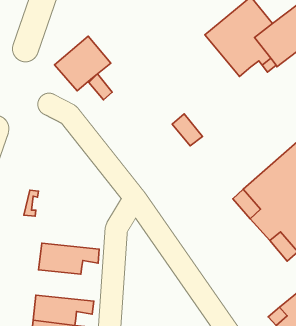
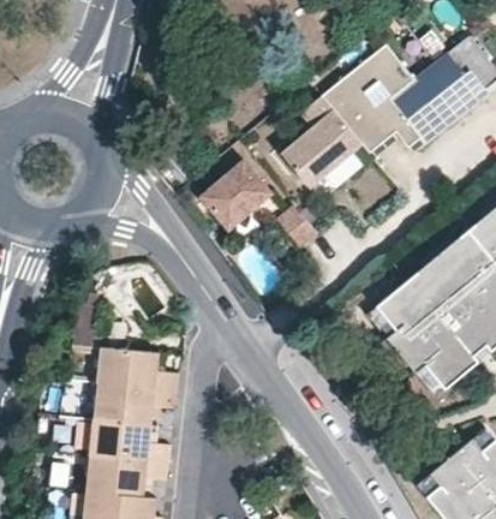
building: none -> [283,94,366,187]
building: [54,36,111,91] -> [201,155,279,231]
building: none -> [98,346,180,390]
building: none -> [90,419,172,463]

